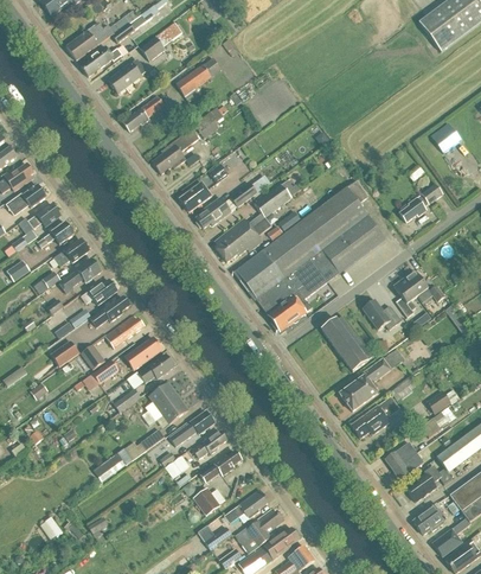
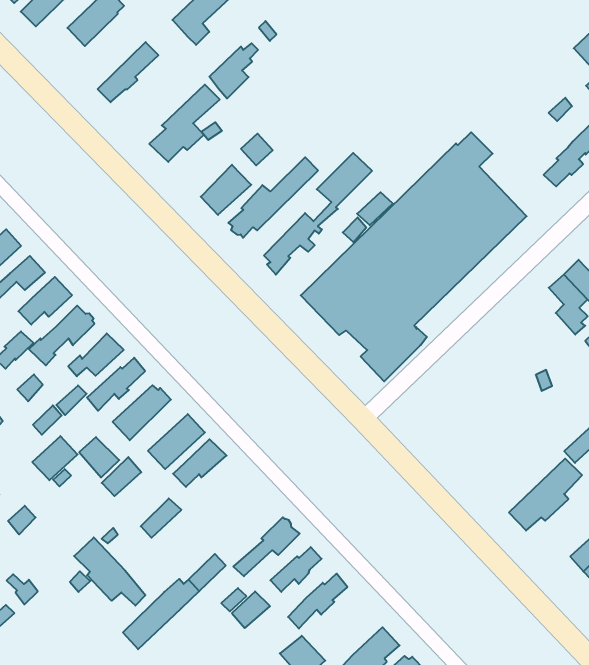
building: [220,229,262,261] -> none
building: [361,299,400,329] -> none
building: [320,314,372,370] -> none
building: [339,357,391,410] -> none
building: [146,382,187,422] -> none
building: none -> [74,537,145,606]

